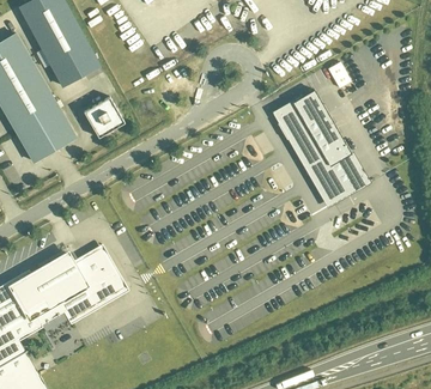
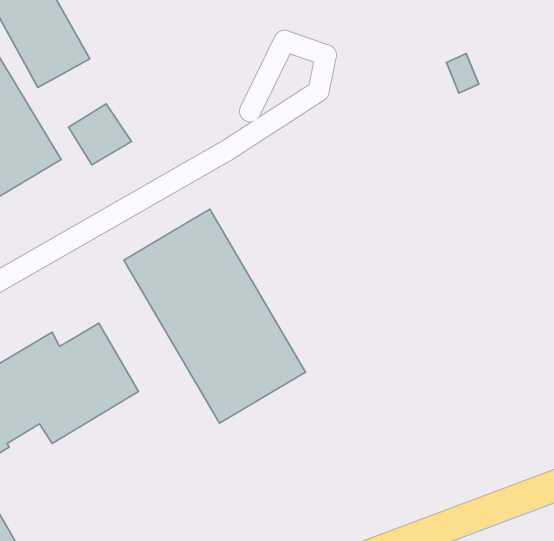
building: [269,85,366,203] -> none
building: none -> [124,209,306,423]

